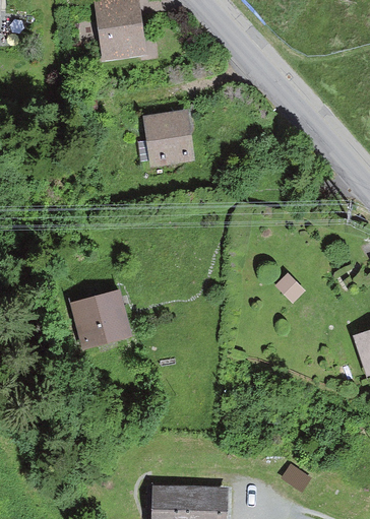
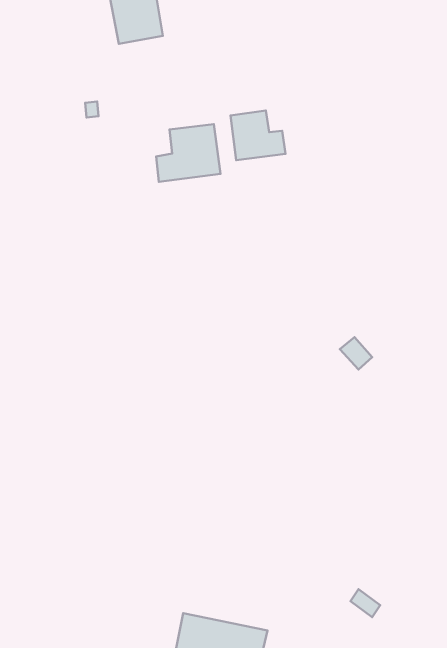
building: none -> [231,111,286,160]
building: [73,291,131,341] -> none

